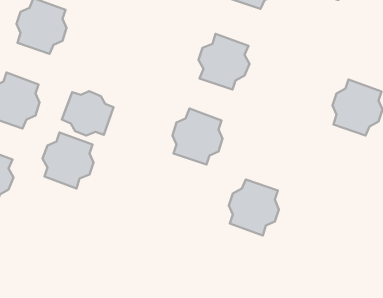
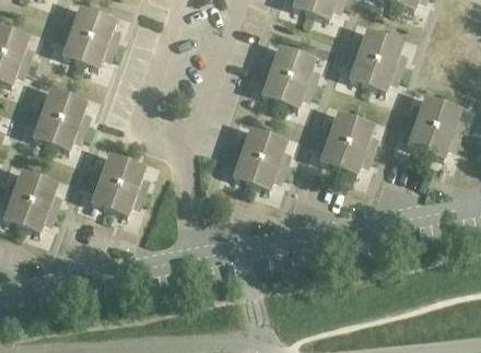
building: none -> [348,28,403,90]
building: [62,91,114,135] -> none
building: [229,180,279,236] -> [319,111,374,173]

